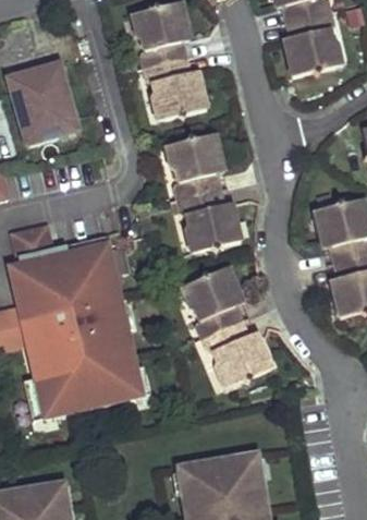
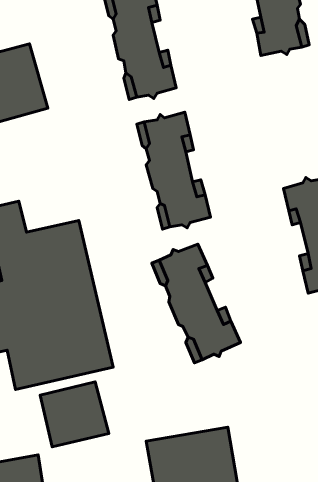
building: none -> [40,382,109,447]

